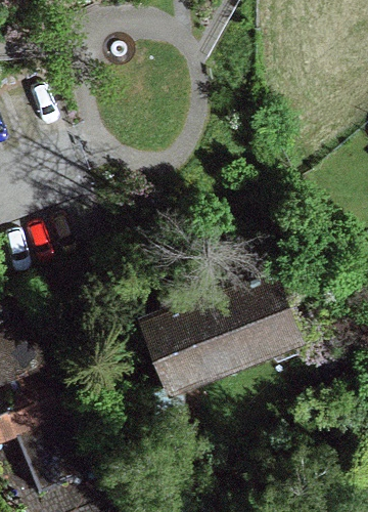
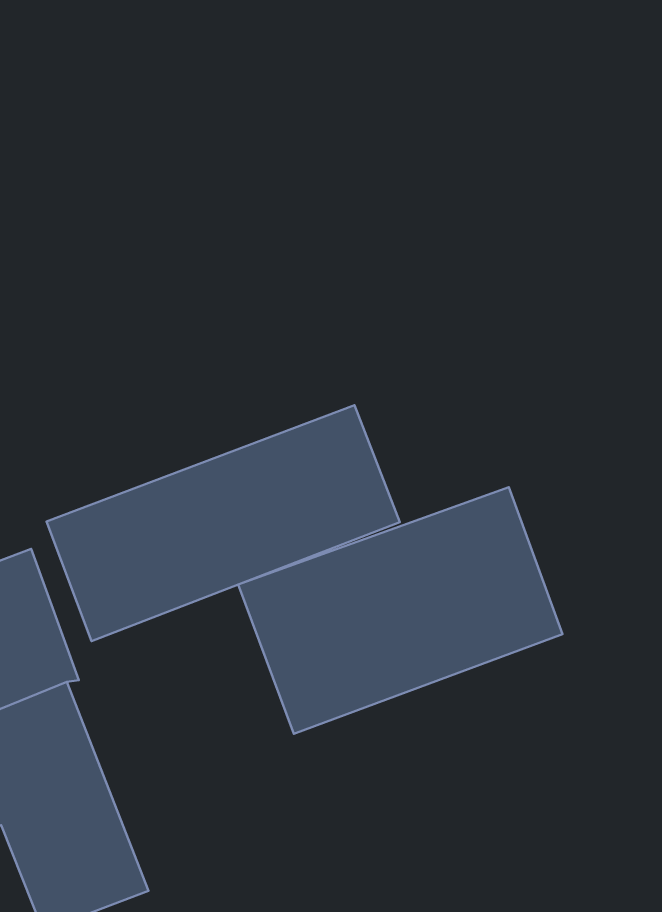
building: none -> [47,405,400,641]

